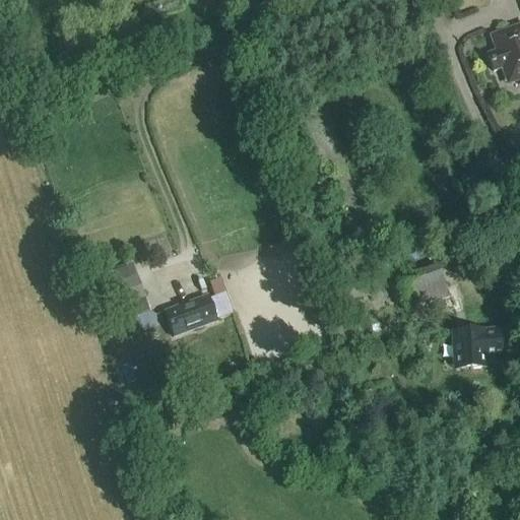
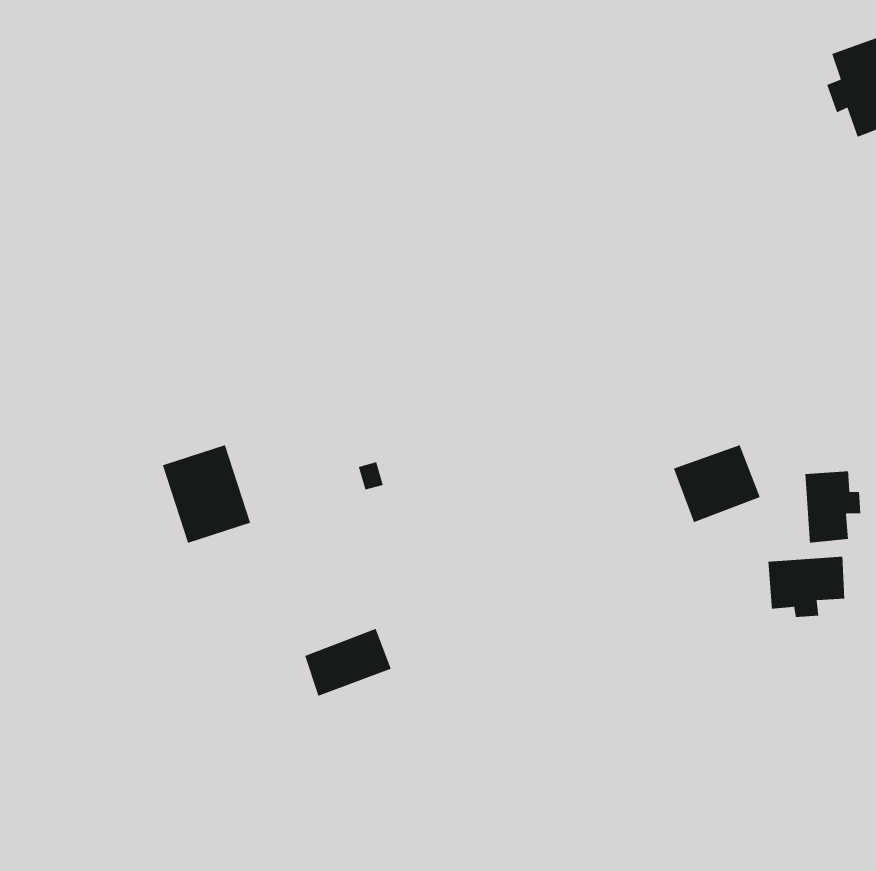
building: none -> [804,471,861,543]
building: [166,292,217,333] -> [304,628,392,697]

